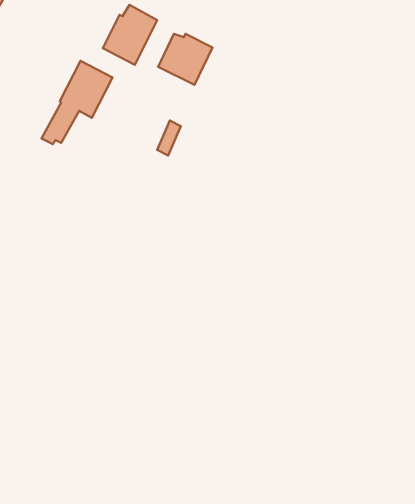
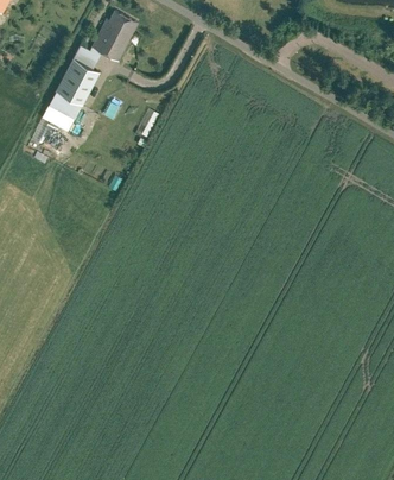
building: [158,34,212,85] -> none

